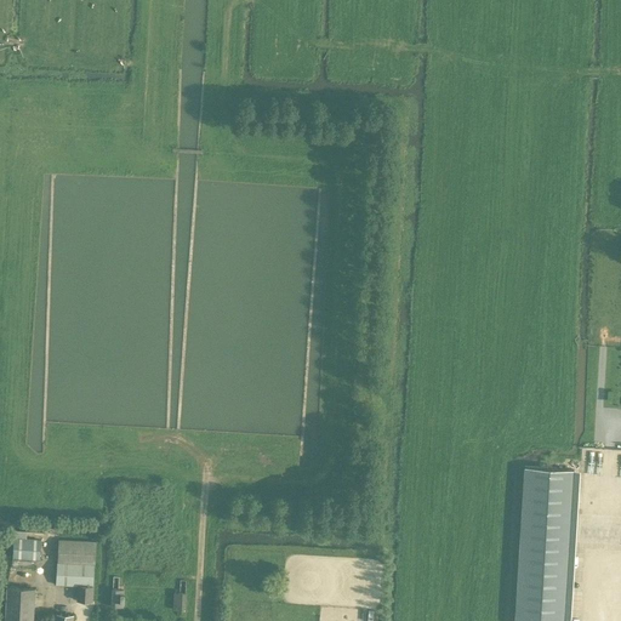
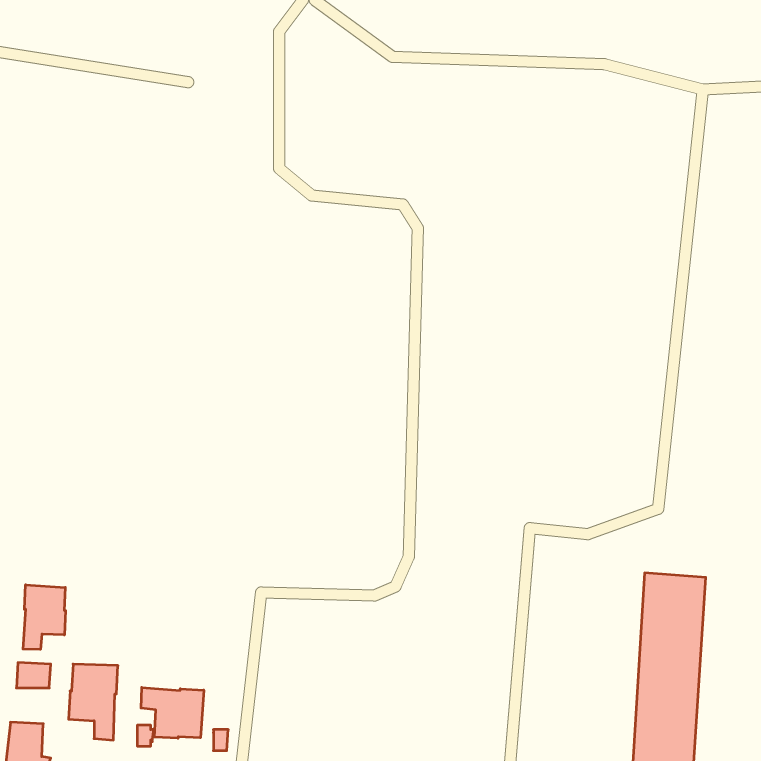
building: none -> [23,585,66,649]
building: none -> [141,687,204,738]

